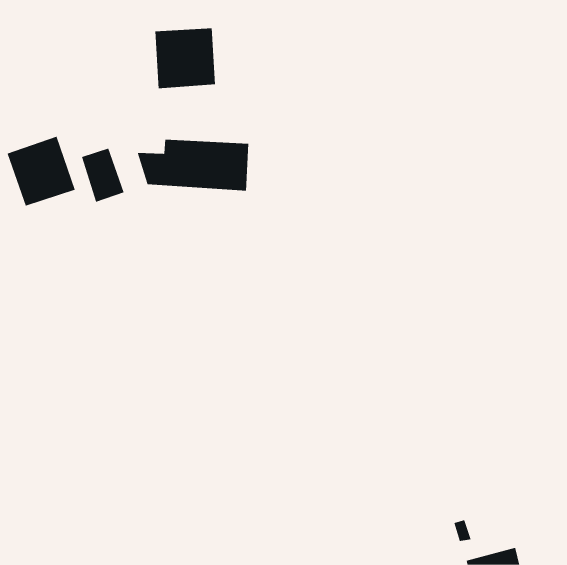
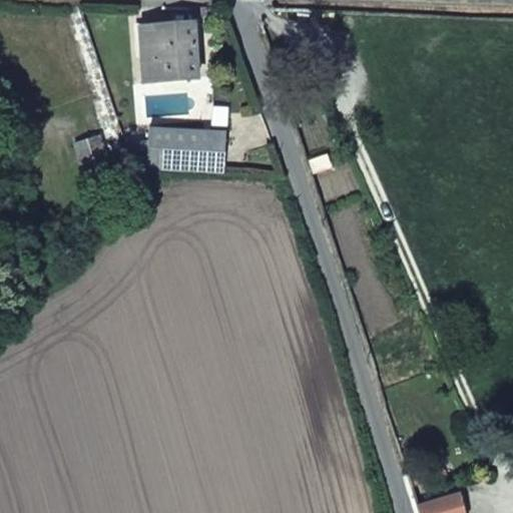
building: [7,136,76,206] -> none

